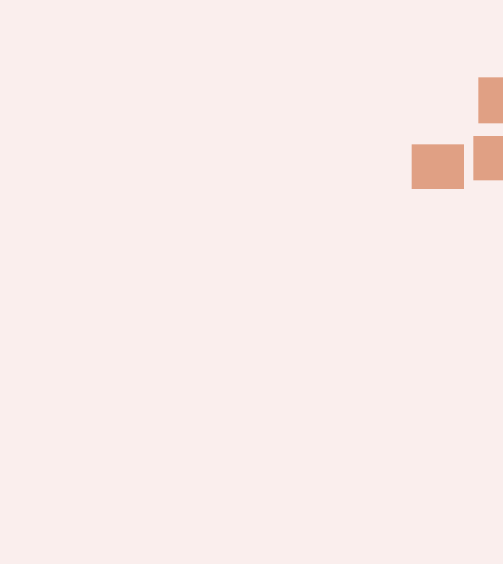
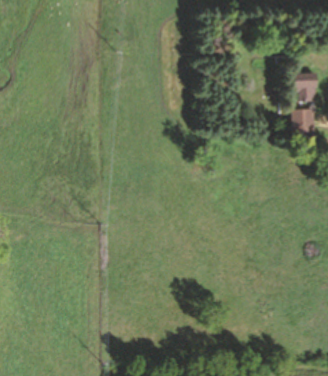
building: [411,143,464,190] -> none

